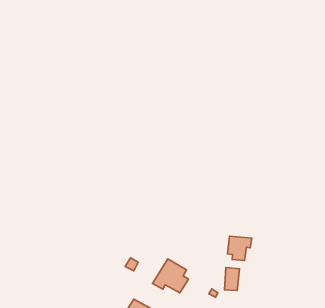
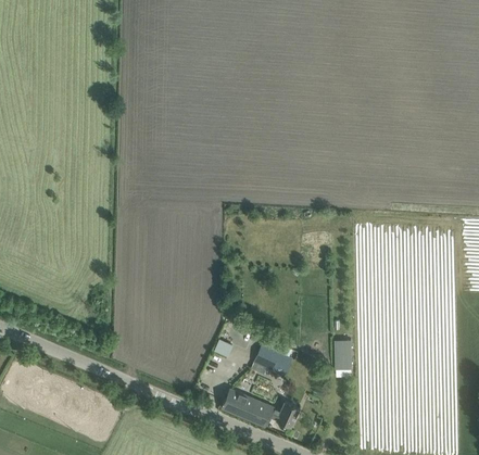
building: [227,236,252,261] -> none

